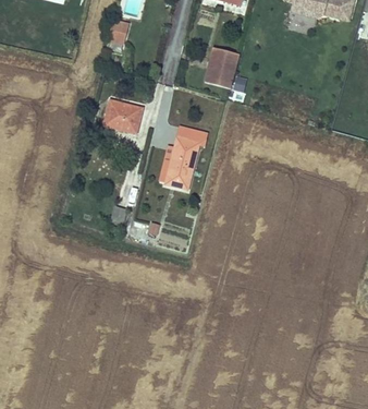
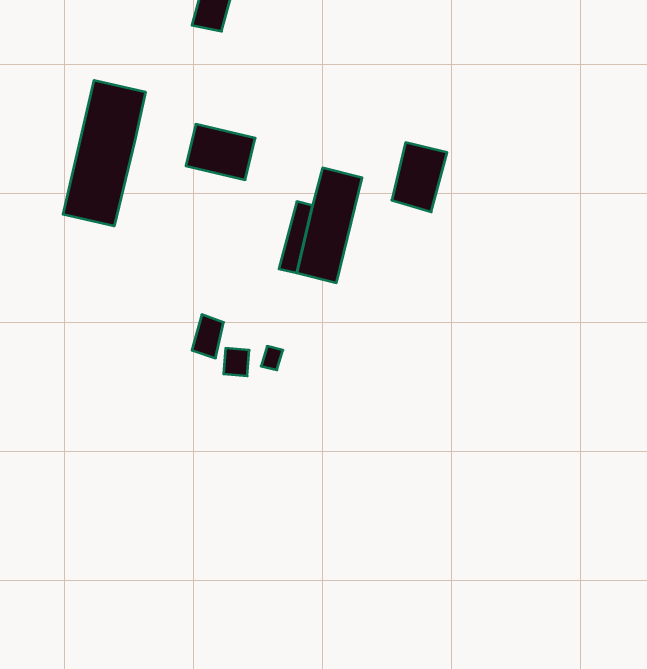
building: [209,50,240,88] -> [392,143,447,212]
building: none -> [63,80,145,226]

